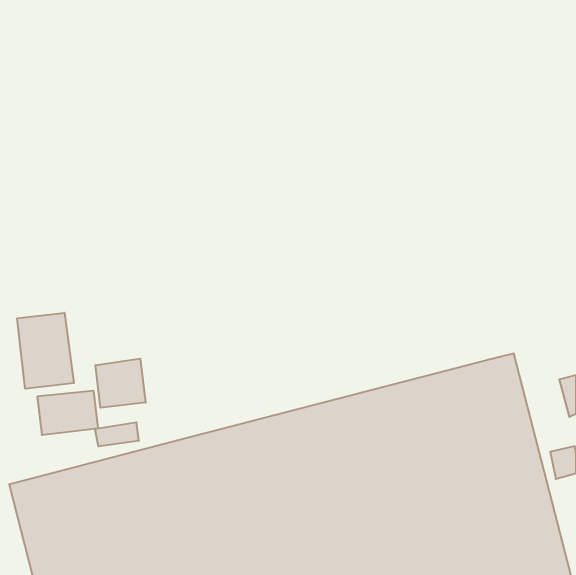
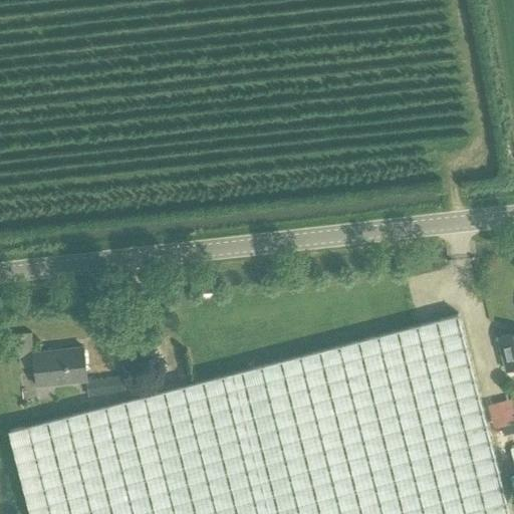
building: [17,313,74,389] -> none
building: [96,359,146,408] -> none

